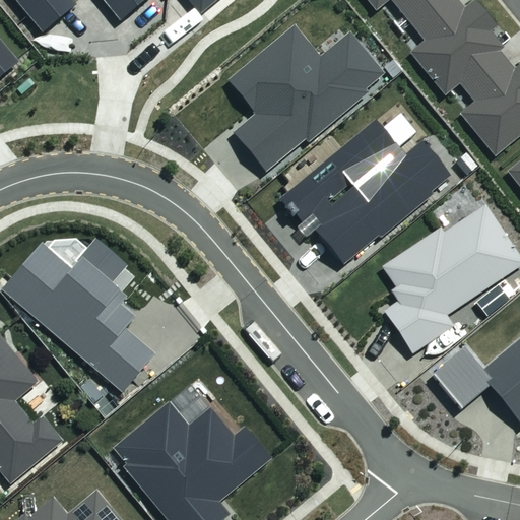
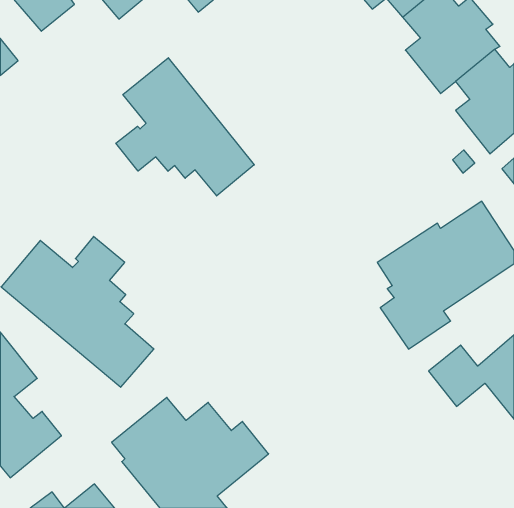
building: [228,25,385,171] -> none
building: none -> [116,58,254,196]
building: [278,119,450,263] -> none

